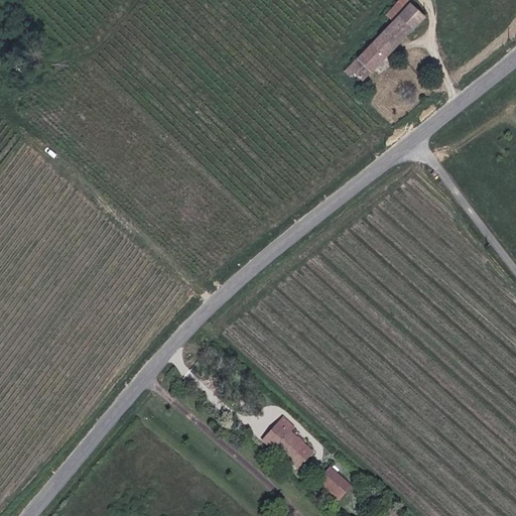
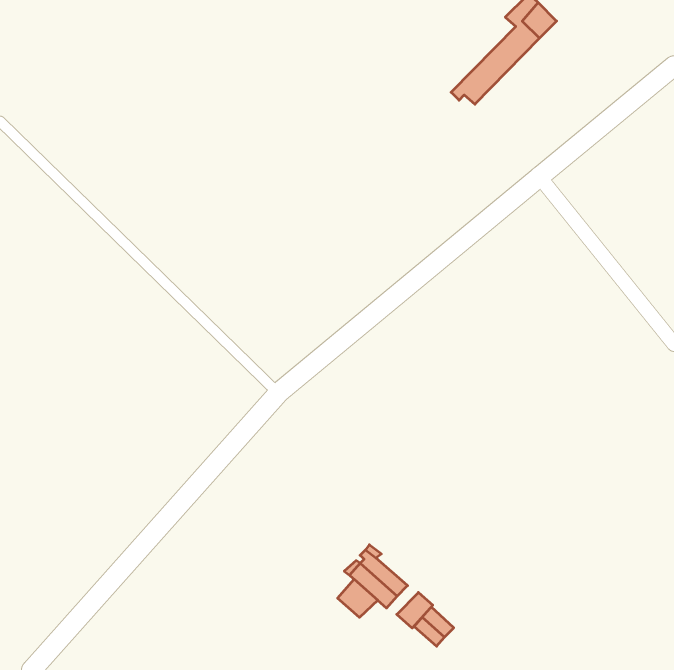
building: none -> [338,579,378,617]
building: none -> [397,592,433,628]

